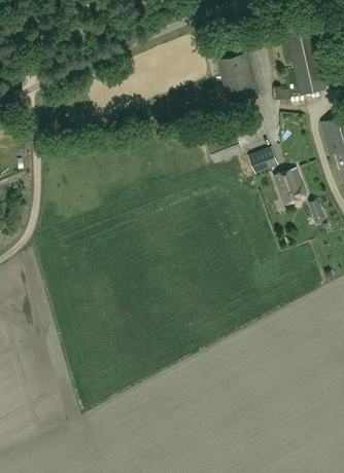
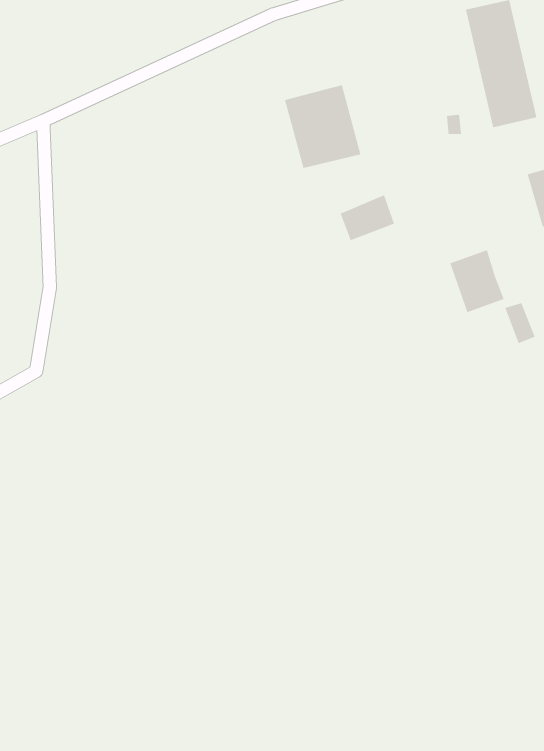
building: [216,51,263,102] -> [284,84,361,168]
building: [248,146,278,174] -> none

